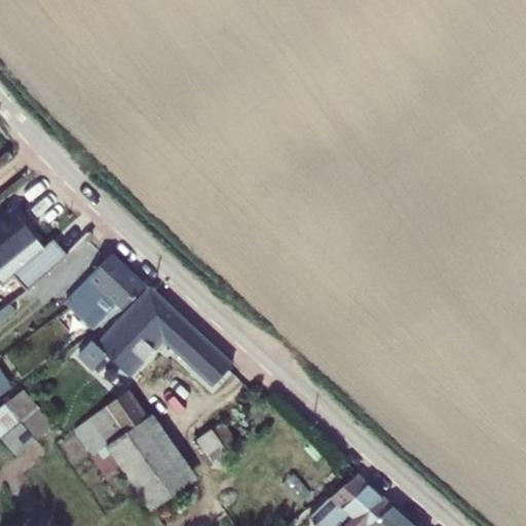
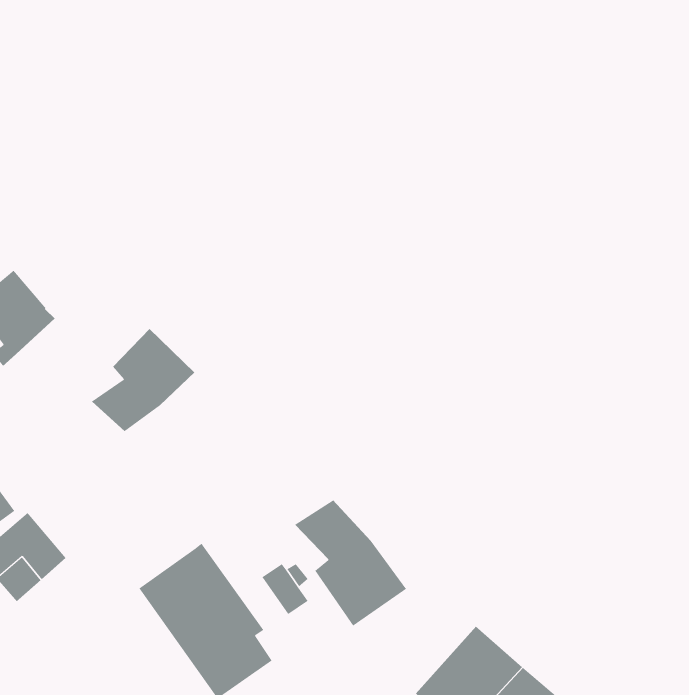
building: [12,236,65,290] -> none
building: [78,289,229,382] -> none
building: none -> [294,499,407,626]
building: [72,389,145,455] -> none

